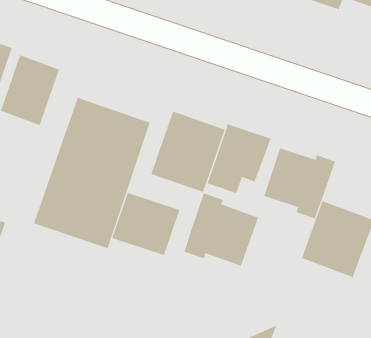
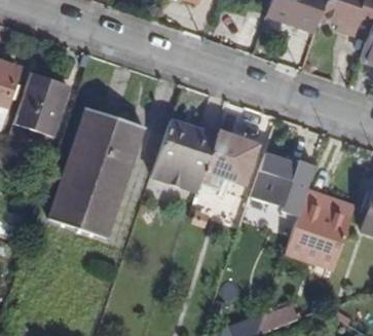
building: [112,192,180,256] -> none
building: [184,193,259,267] -> none

